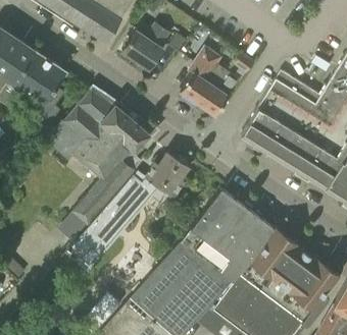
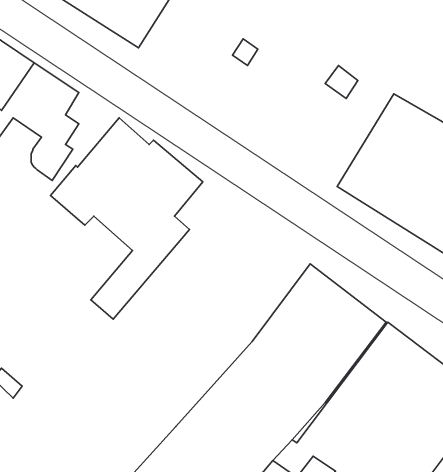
building: [121,22,170,69] -> none
building: [180,48,240,114] -> none
building: [68,152,191,262] -> none

